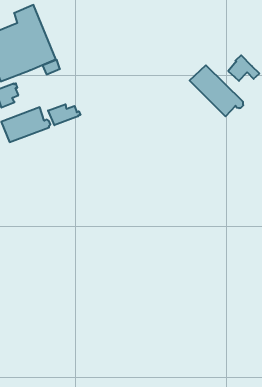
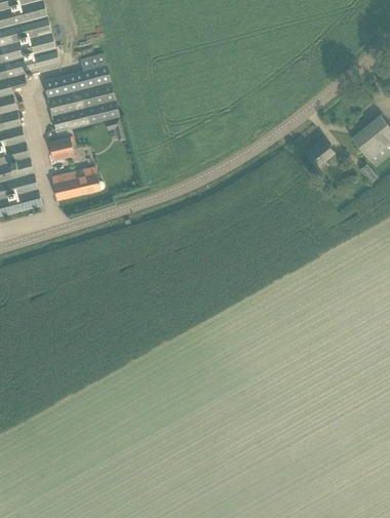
building: [190,65,243,116] -> none
building: [48,104,80,125] -> none

